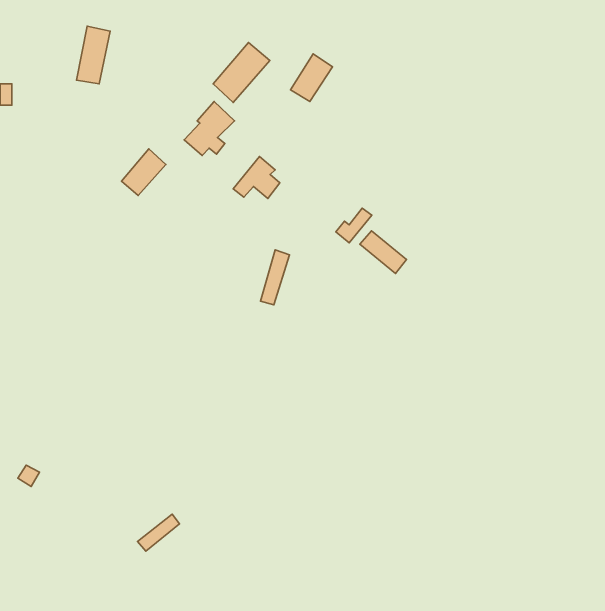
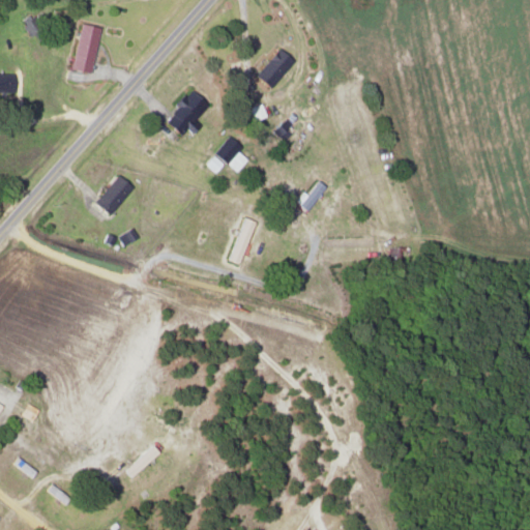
building: [213,43,270,103] -> none
building: [121,149,166,195] -> [94,174,132,214]
building: [360,231,407,274] -> none

